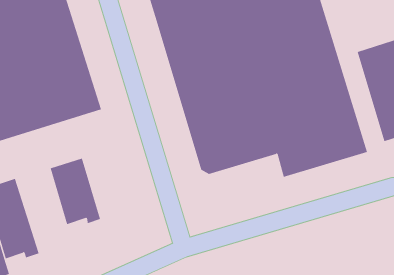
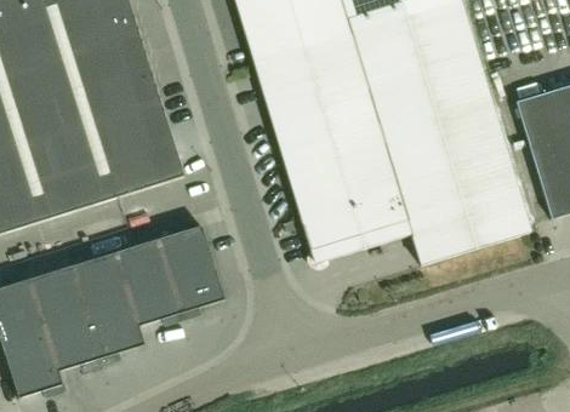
building: none -> [158,225,223,319]
building: none -> [70,252,143,364]

